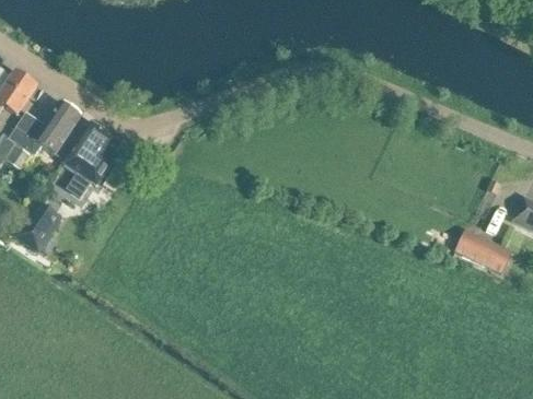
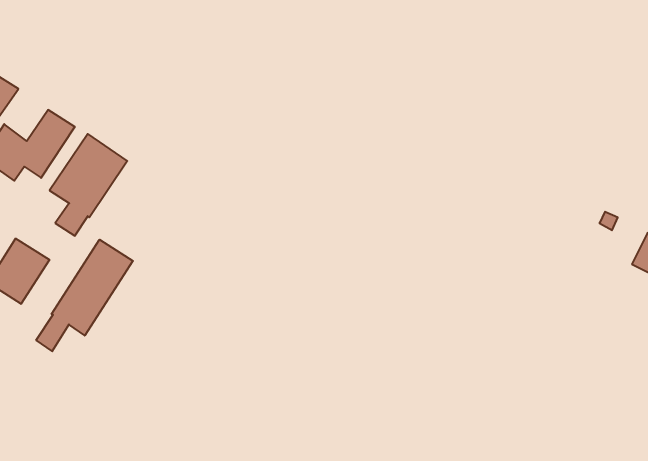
building: none -> [36,240,133,351]
building: [453,228,513,274] -> none

